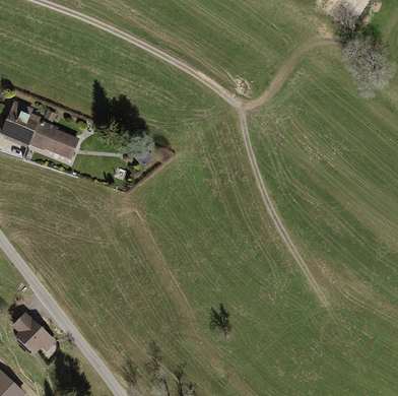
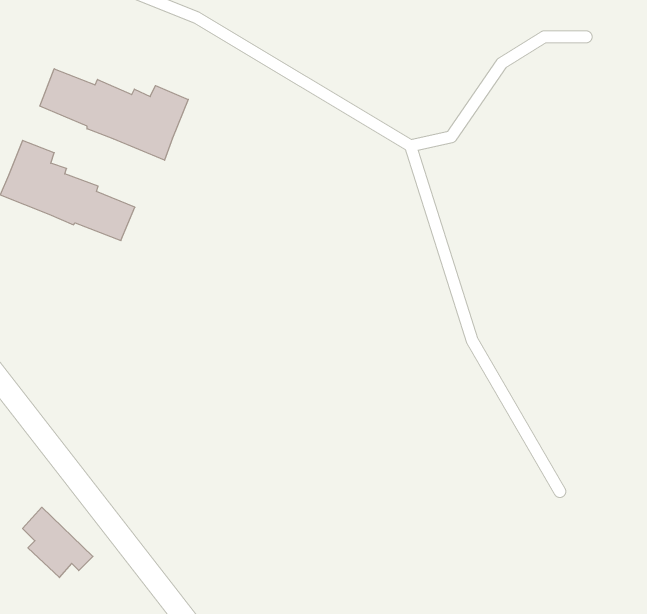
building: none -> [40,69,188,160]

